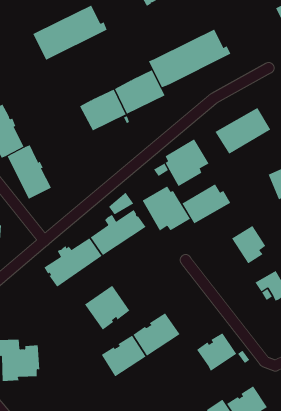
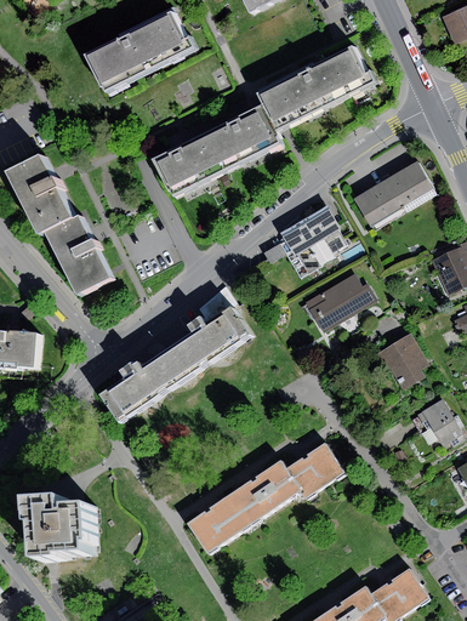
building: [142,185,191,231] -> none
building: [84,285,130,331] -> none
building: [196,332,237,371] -> [284,441,343,498]

